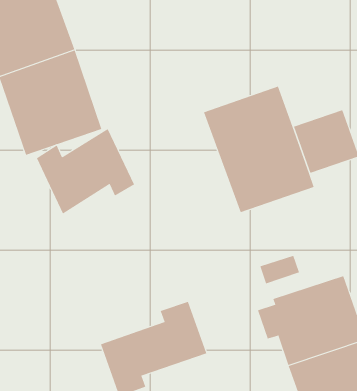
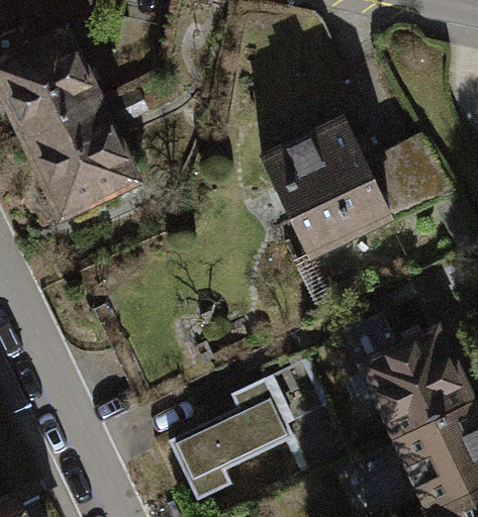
building: [36,128,135,214] -> none

